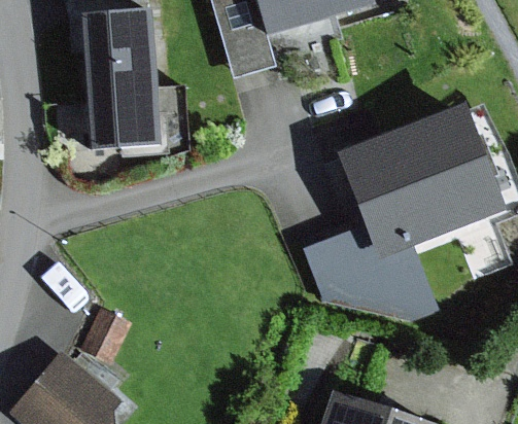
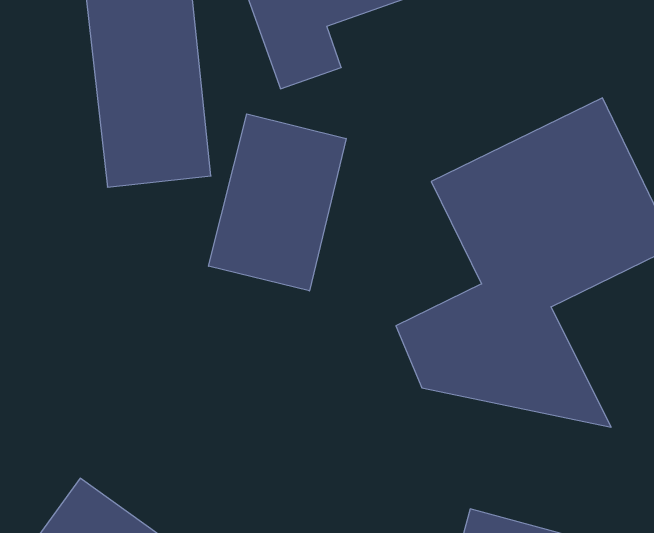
building: none -> [209,114,346,291]

